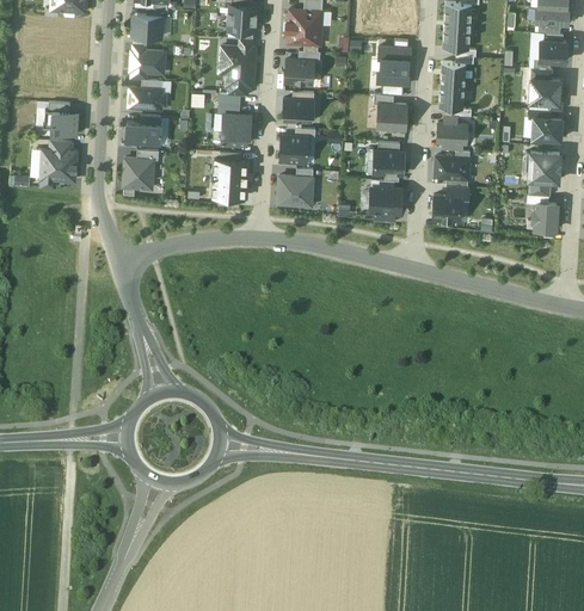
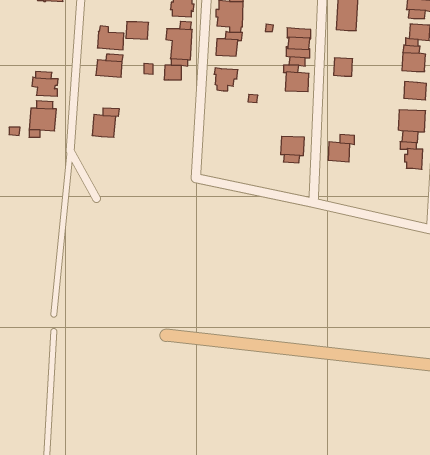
building: [133,14,162,37] -> [126,22,149,39]
building: [441,61,466,85] -> none
building: [221,112,251,143] -> none
building: [125,121,160,143] -> none
building: [437,121,467,149] -> none
building: [281,134,307,161] -> none
building: [373,149,404,173] -> none
building: [435,155,469,178] -> none
building: [213,159,246,198] -> none
building: [277,174,313,204] -> none

